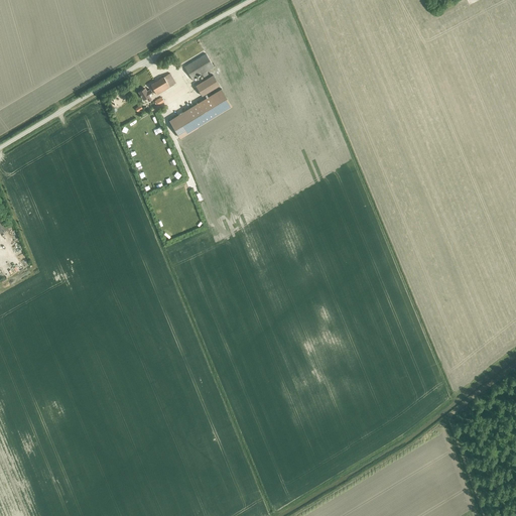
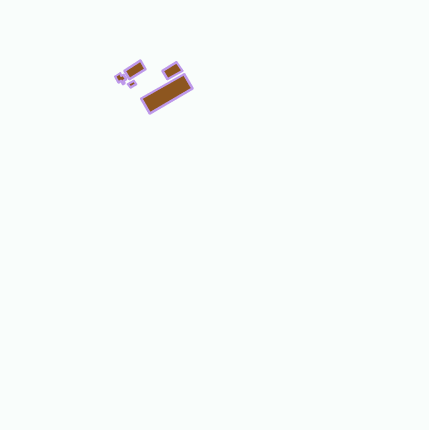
building: [183,53,213,80] -> none

